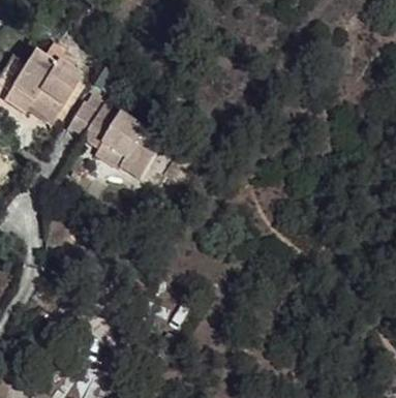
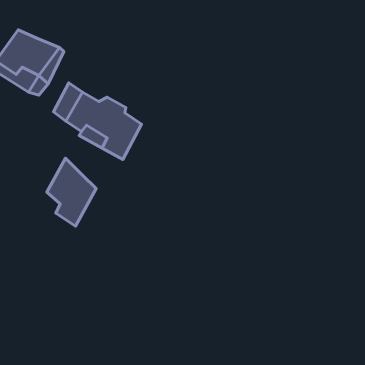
building: none -> [47,158,96,226]

